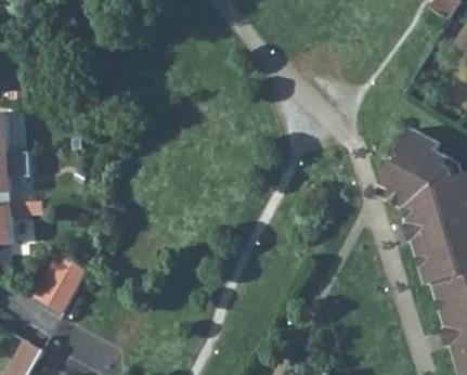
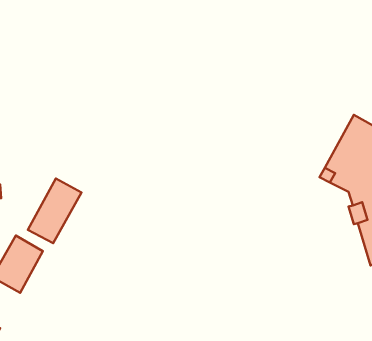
building: none -> [28,178,81,243]

